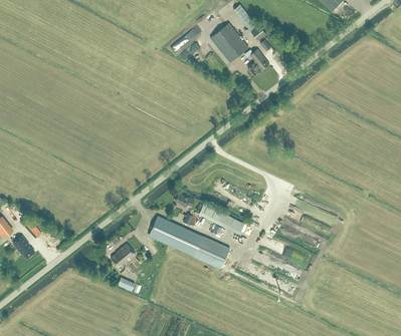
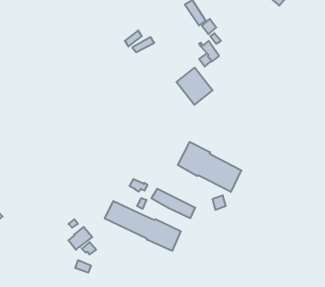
building: [210,22,248,61] -> [176,68,213,105]
building: none -> [178,142,241,192]

